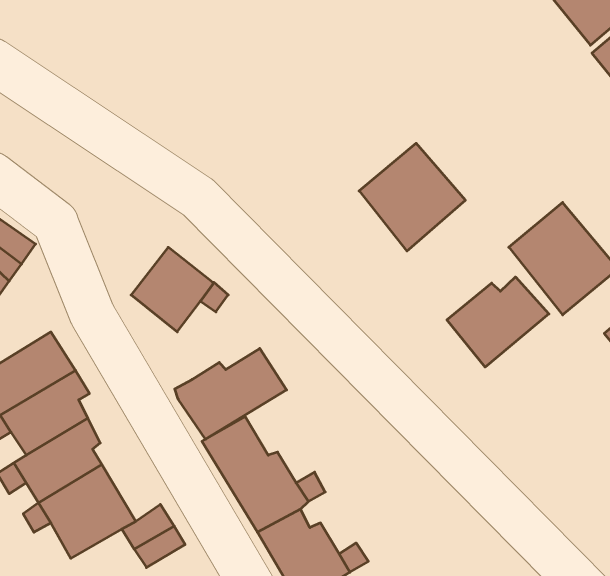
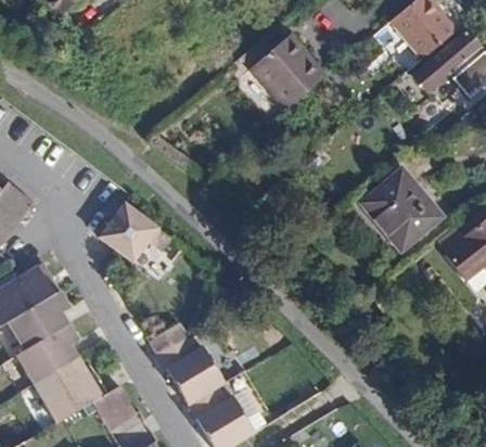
building: [359,143,465,251] -> [252,35,327,111]
building: [447,277,549,367] -> none
building: [175,348,287,439] -> none

